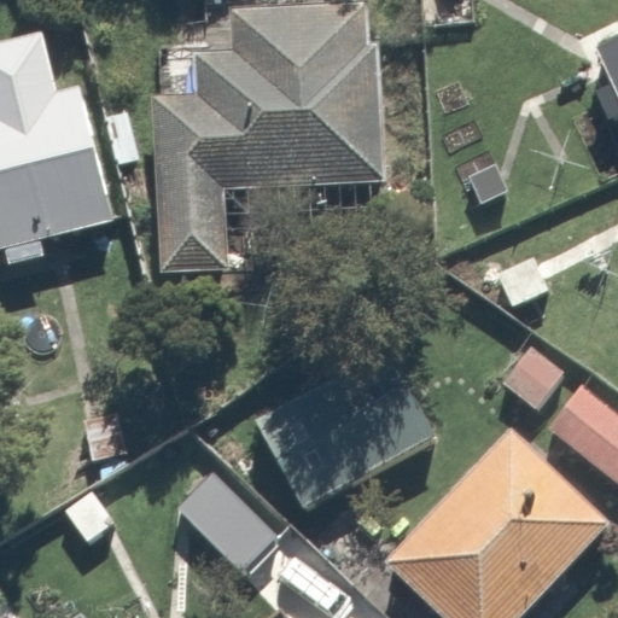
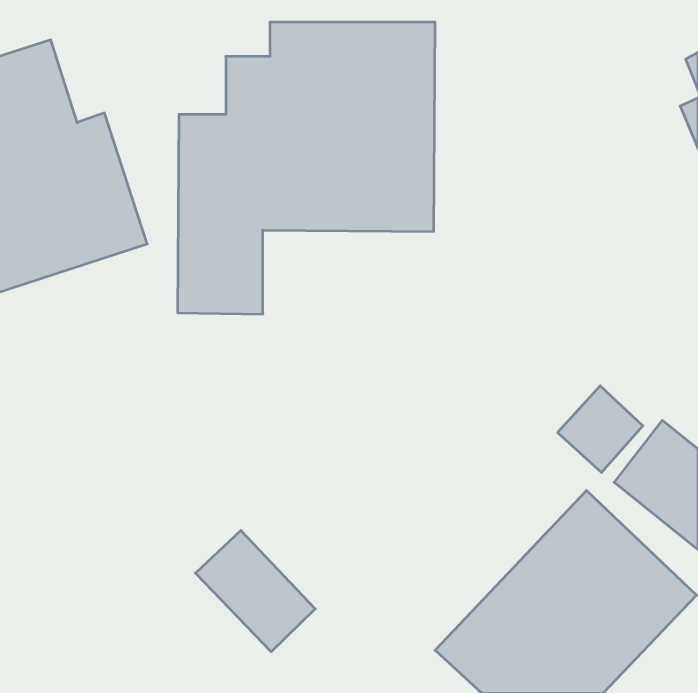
building: [253,356,431,507] -> none

